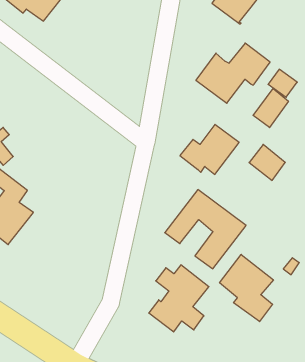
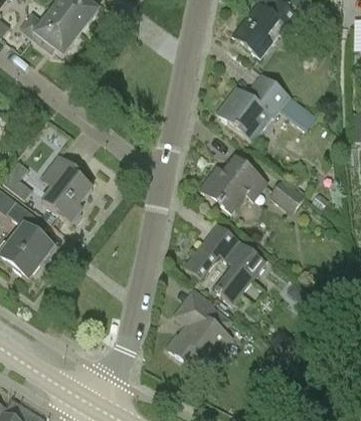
building: [253,89,288,128] -> none
building: none -> [41,156,92,223]
building: [220,254,273,322] -> none

